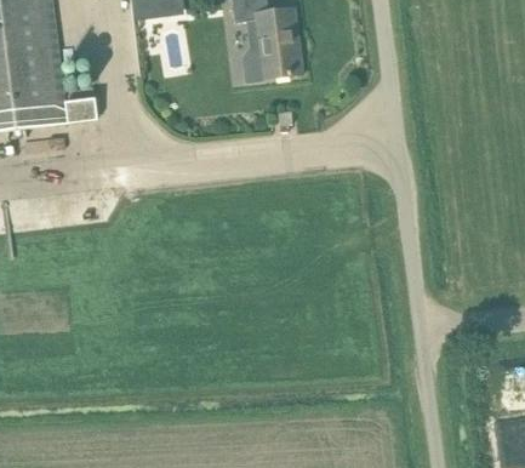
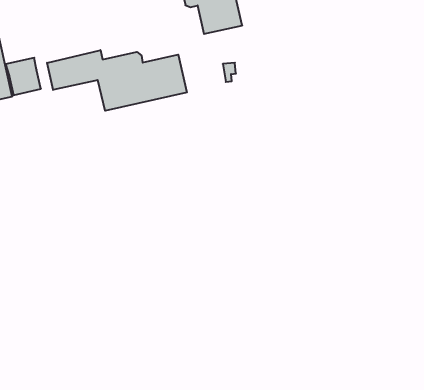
building: none -> [47,50,187,111]

